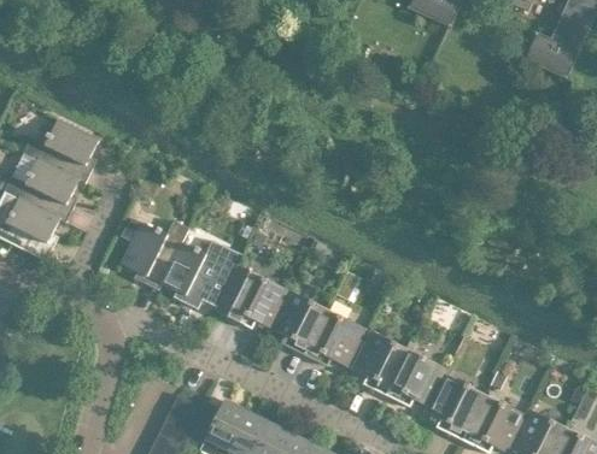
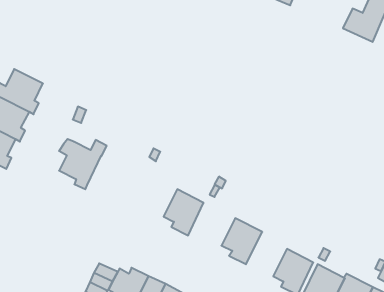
building: [160,238,227,308] -> none
building: [213,264,288,329] -> none
building: [304,308,364,366] -> none
building: [386,349,446,406] -> none

